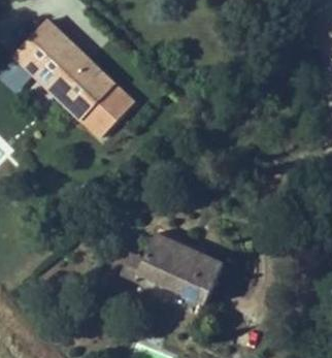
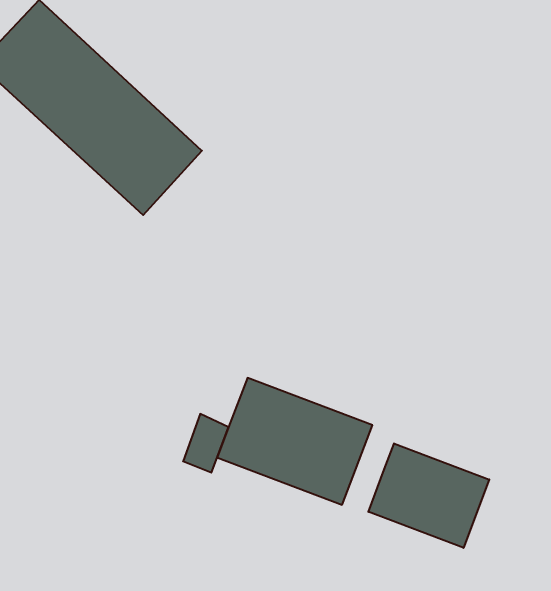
building: none -> [368,443,489,548]

